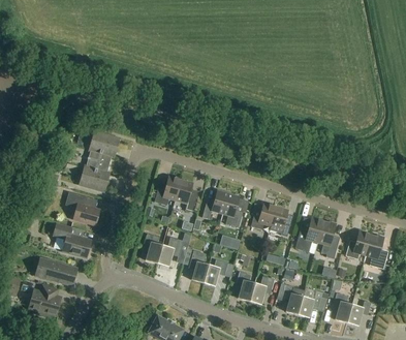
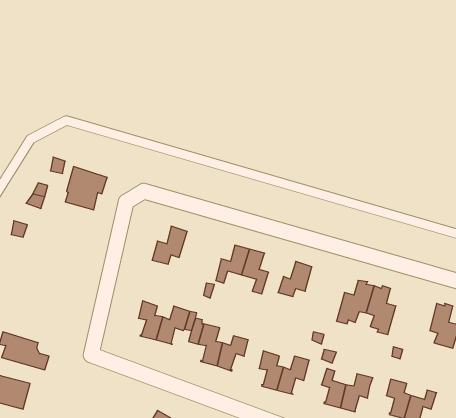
building: [79,157,110,191] -> none
building: [175,180,197,212] -> none
building: [65,191,100,225] -> none
building: [269,207,290,237] -> none
building: [53,222,91,257] -> none
building: [345,229,371,258] -> none

